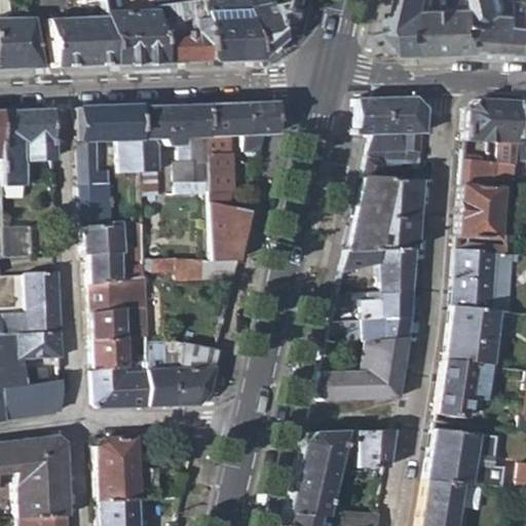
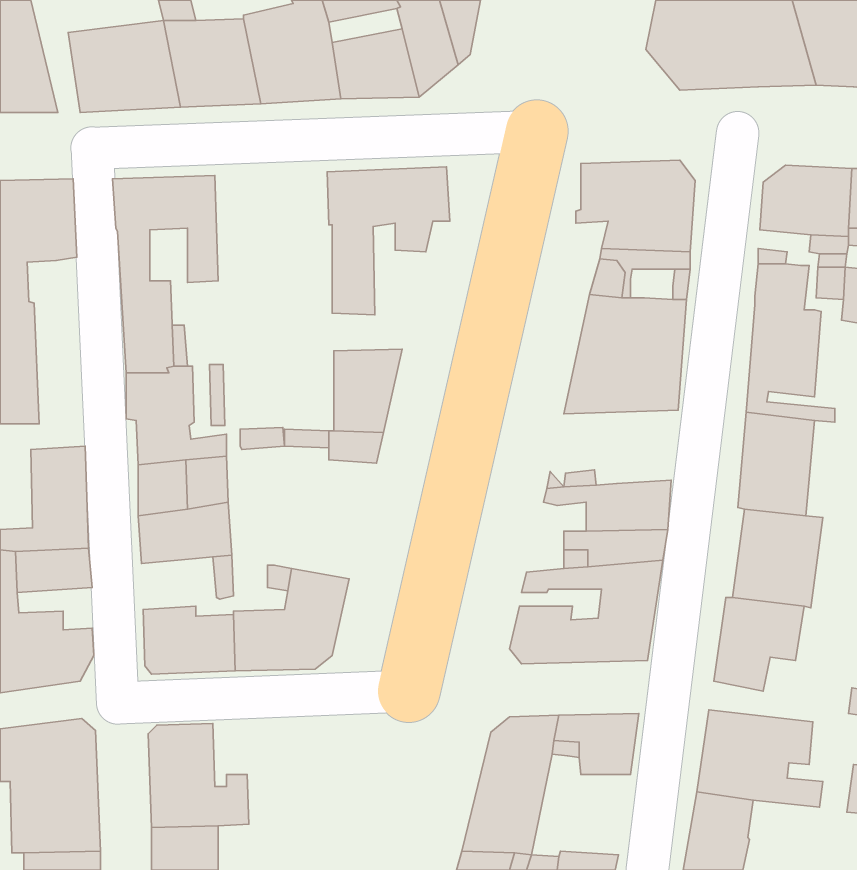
building: [138,104,209,194] -> none
building: [343,248,417,292] -> none
building: [93,337,126,368] -> none

